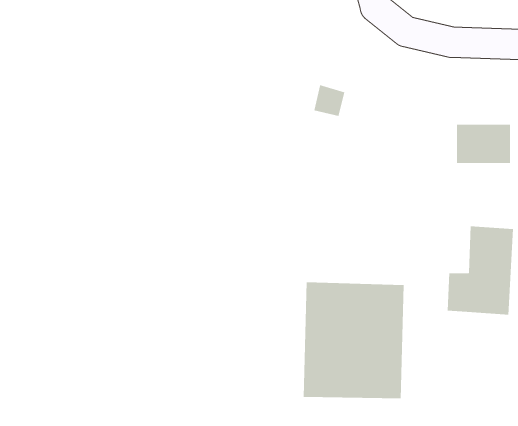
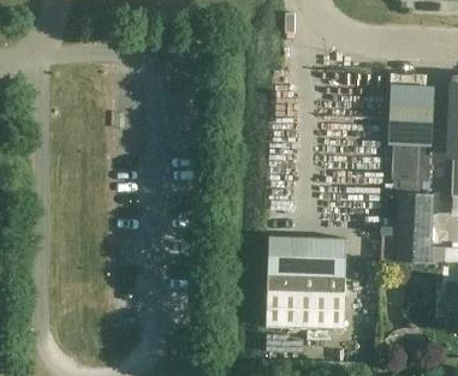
building: none -> [388,72,428,109]
building: none -> [392,145,429,183]

